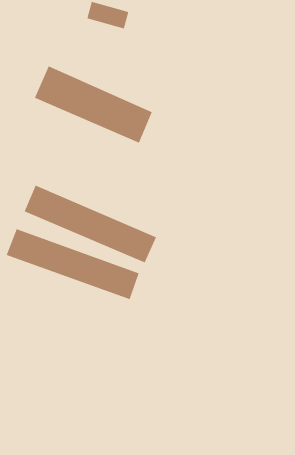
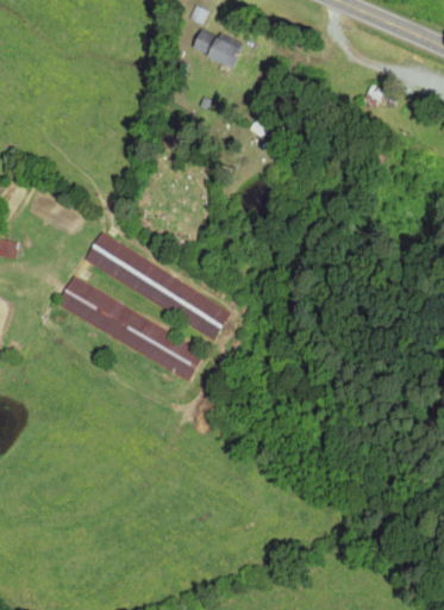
building: [34,66,153,144] -> none

